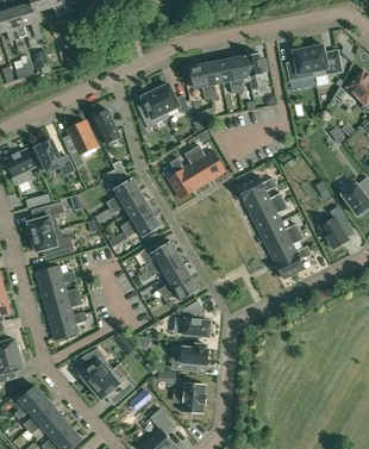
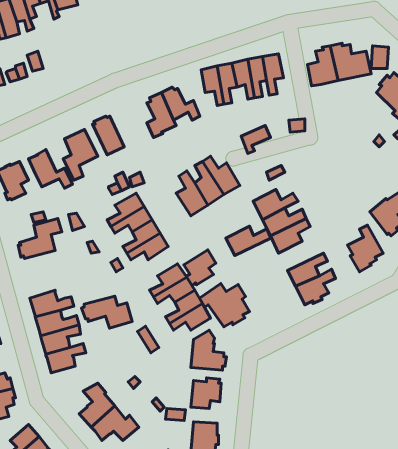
building: [258,220,299,247] -> [226,226,271,255]
building: none -> [184,250,216,286]
building: [29,229,74,257] -> [82,296,132,328]
building: none -> [200,284,249,327]

